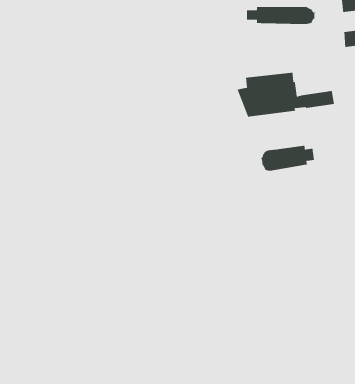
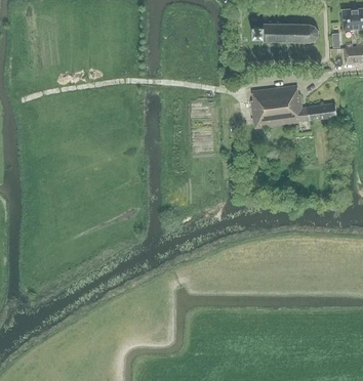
building: [260,145,315,172] -> none

